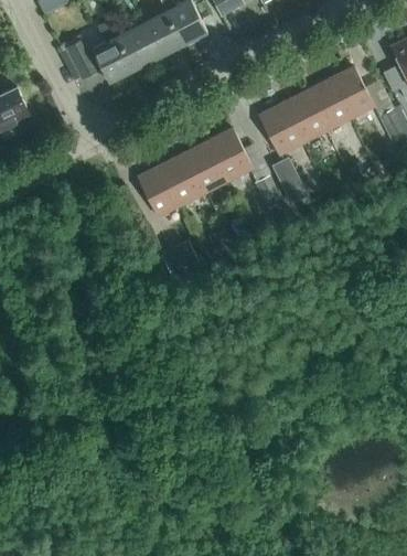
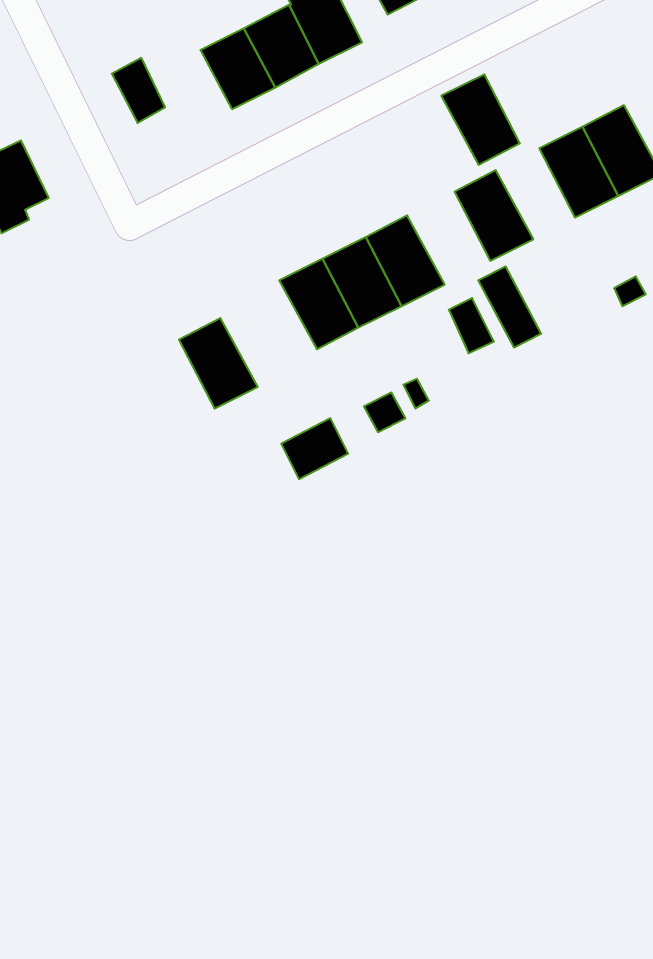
building: [92,25,133,83] -> none
building: [281,92,325,142] -> [441,74,520,165]
building: [137,165,181,216] -> [179,318,258,409]

